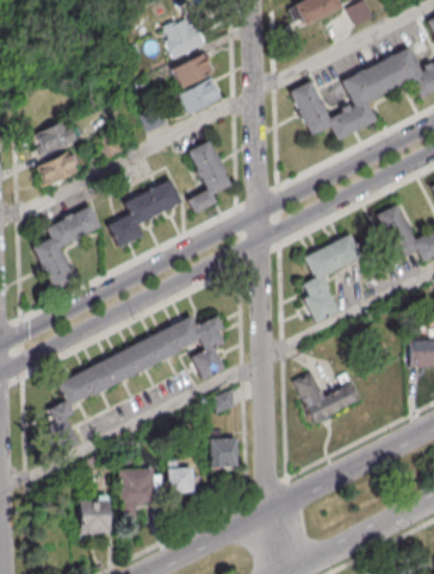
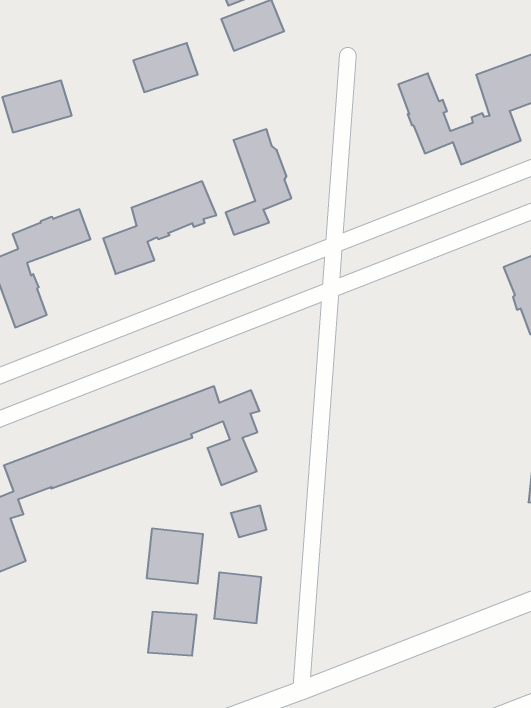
building: [179,77,223,113] -> [133,43,198,92]
building: [37,154,80,187] -> none
building: [303,231,362,320] -> none
building: [293,372,362,423] -> none
building: [118,469,153,503] -> [147,529,203,584]
building: [79,497,108,534] -> none

